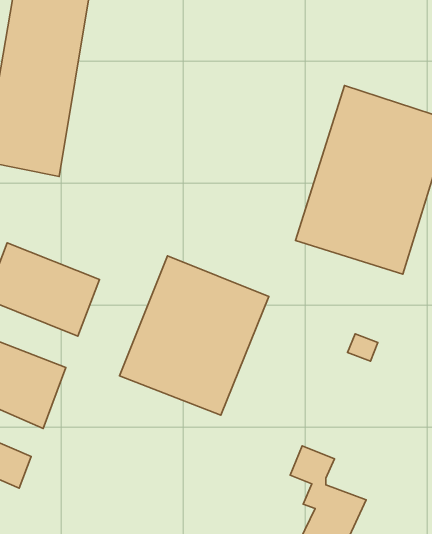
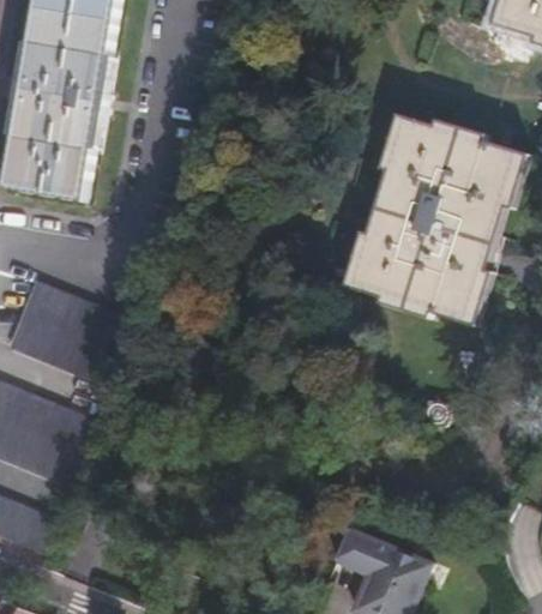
building: [120,256,269,415] -> none

